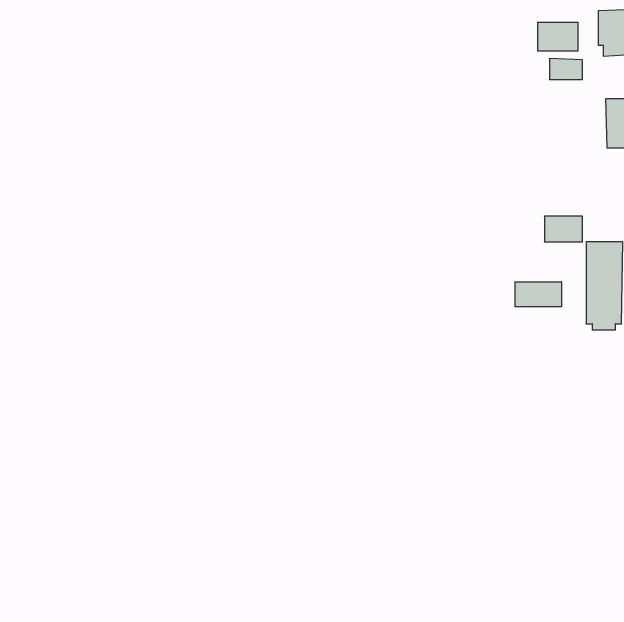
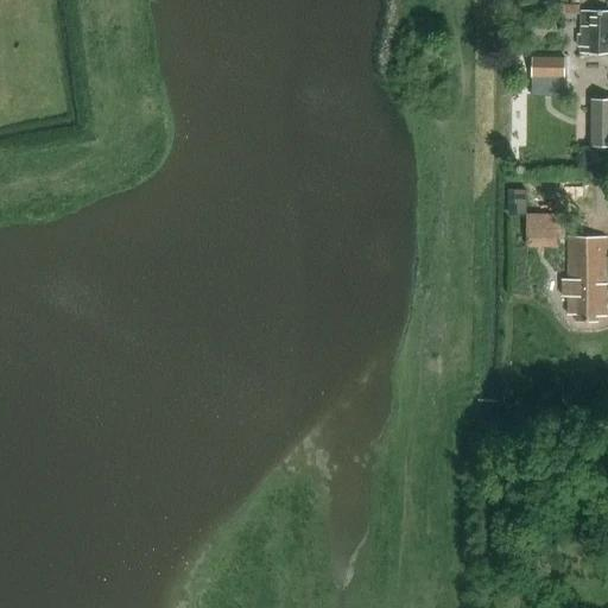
building: [538,22,578,51] -> none
building: [515,282,561,307] -> none

